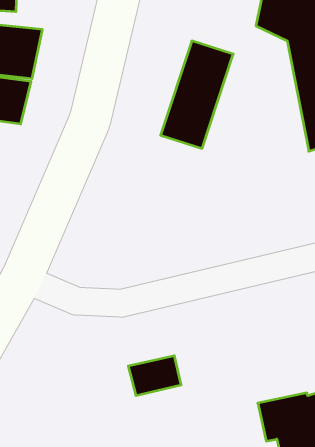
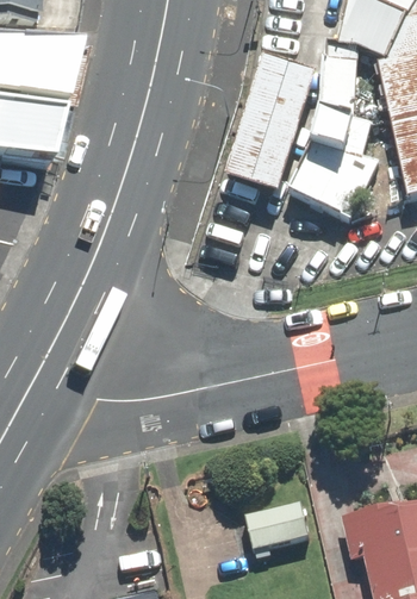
building: none -> [291,49,365,216]
building: [128,356,181,395] -> [247,500,313,550]

